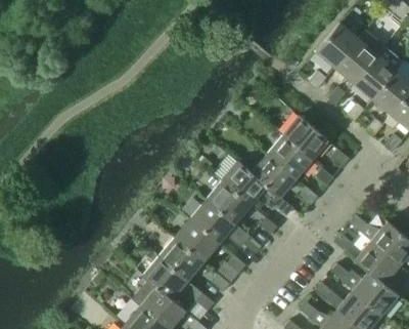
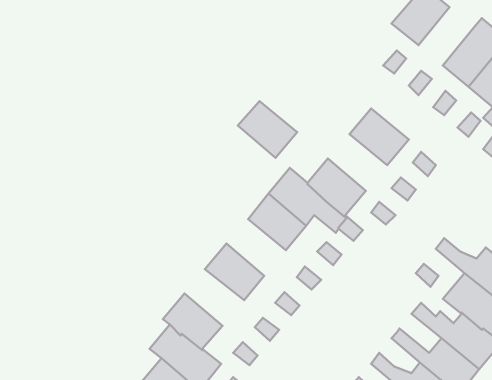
building: [335,40,377,84] -> none
building: [267,136,312,179] -> [238,101,297,158]
building: [190,201,235,244] -> none
building: [158,239,203,282] -> none

